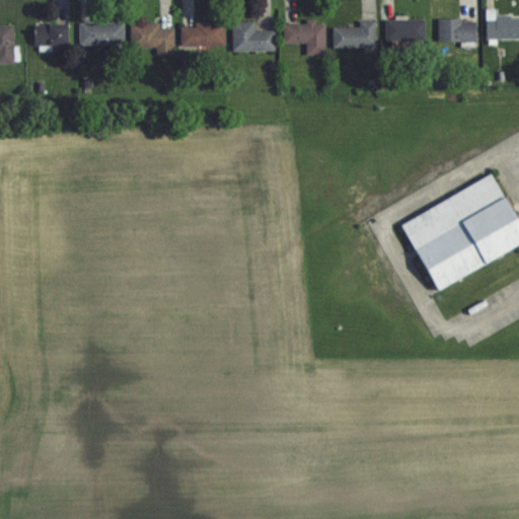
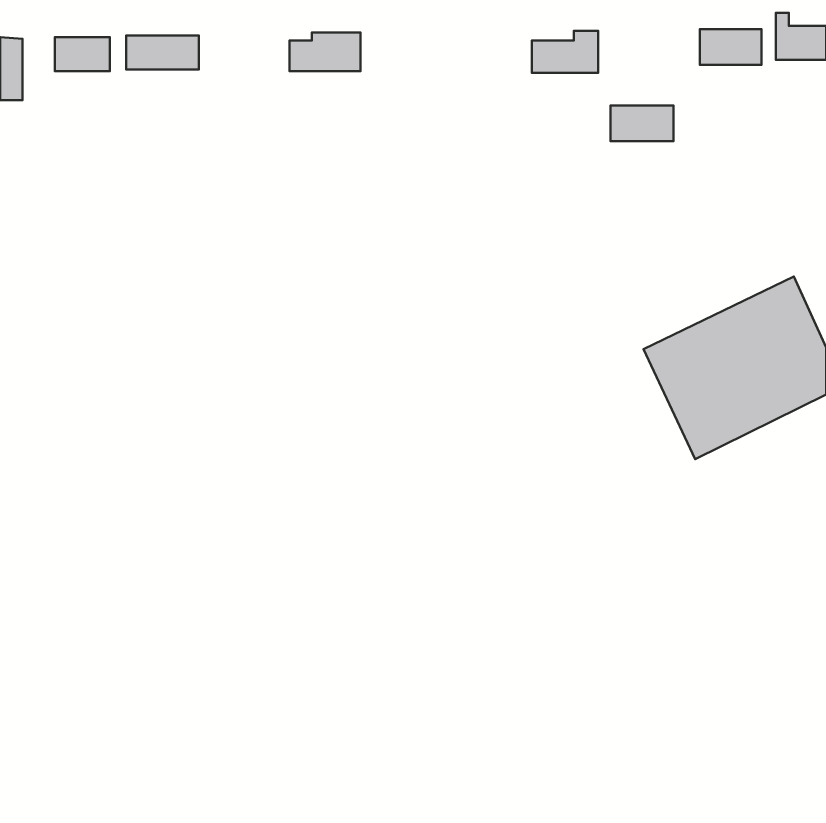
building: [386,18,426,41] -> [610,105,673,141]
building: [233,22,275,53] -> none
building: [132,24,174,56] -> none
building: [284,24,326,56] -> none

